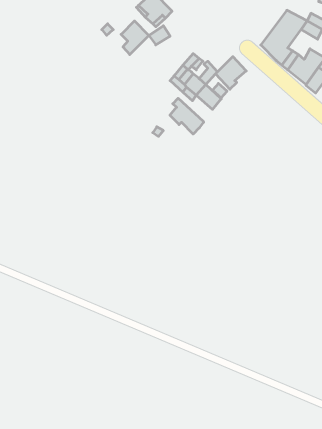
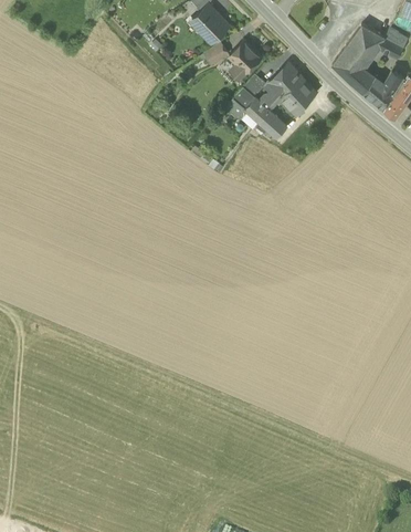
building: [121,21,149,55] -> [229,41,261,80]
building: none -> [270,63,302,95]
building: [170,98,204,134] -> none

